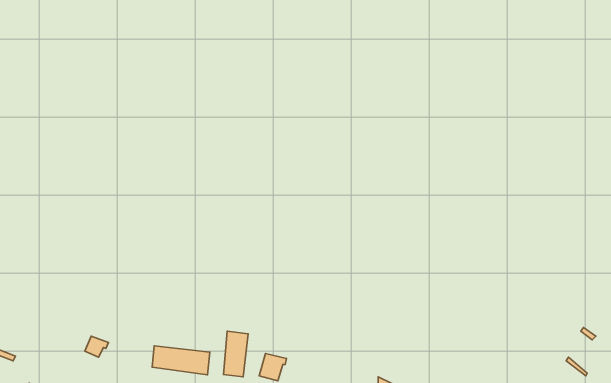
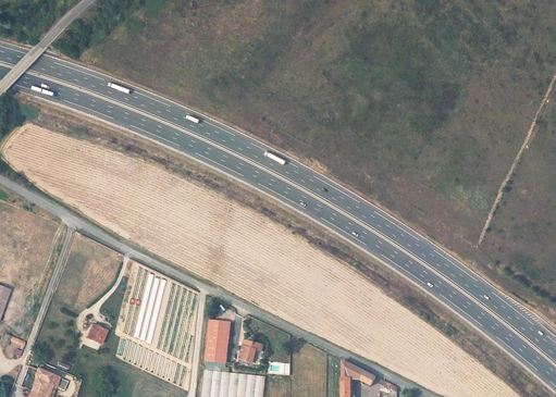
building: [152,346,210,375] -> none

